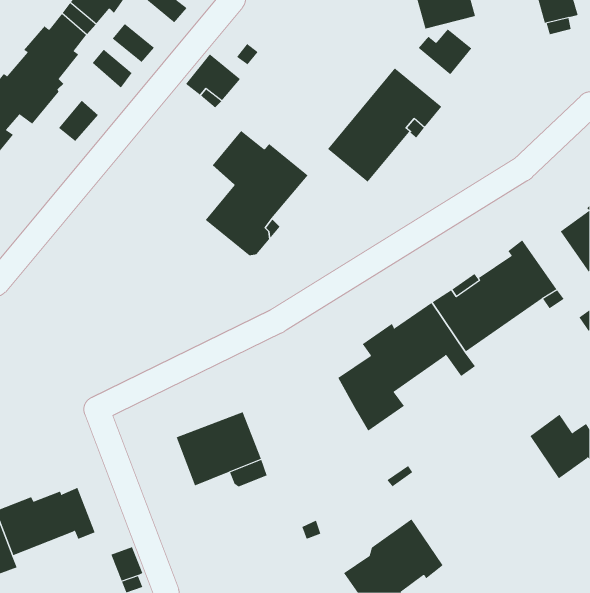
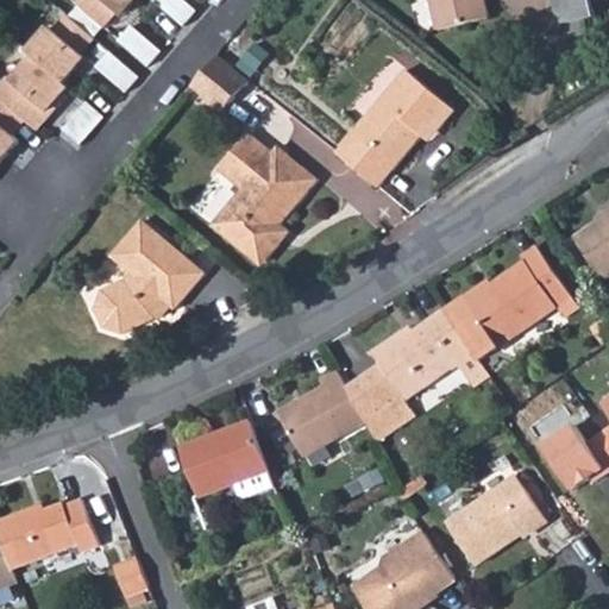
building: [418,29,472,75] -> none
building: none -> [93,220,203,333]
building: none -> [277,370,364,456]
building: none -> [444,473,545,564]

